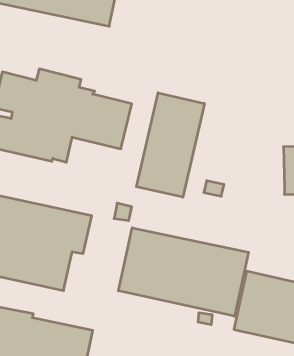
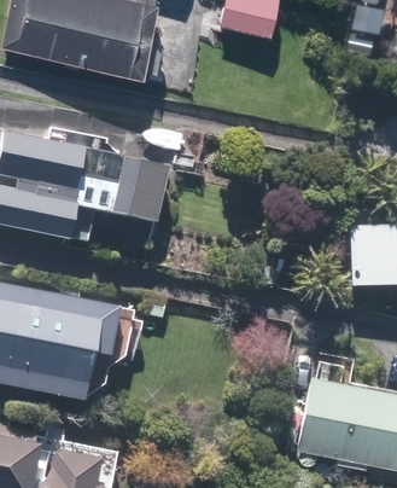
building: [136,93,204,197] -> none
building: [118,228,249,316] -> none

